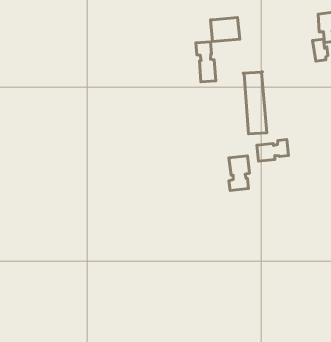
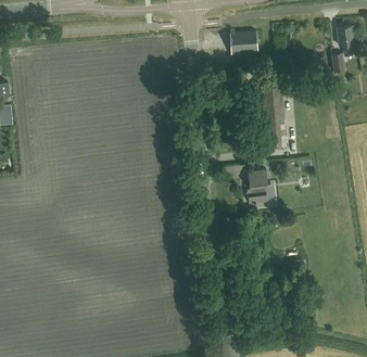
building: [196,42,216,82] -> none
building: [257,140,288,161] -> none

